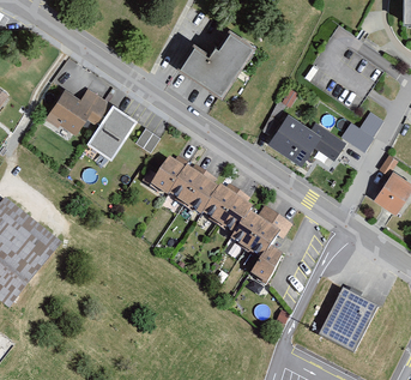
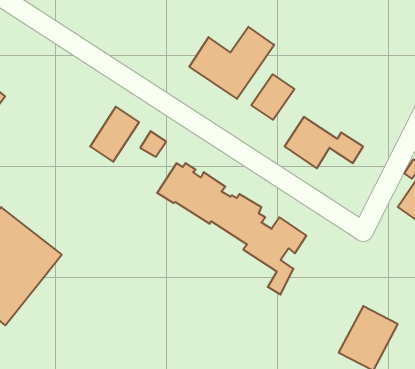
building: none -> [251,74,294,120]
building: [46,90,107,131] -> none
building: [340,109,383,150] -> none

